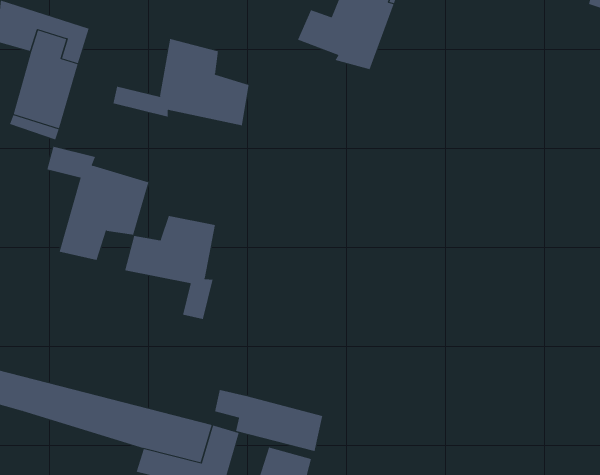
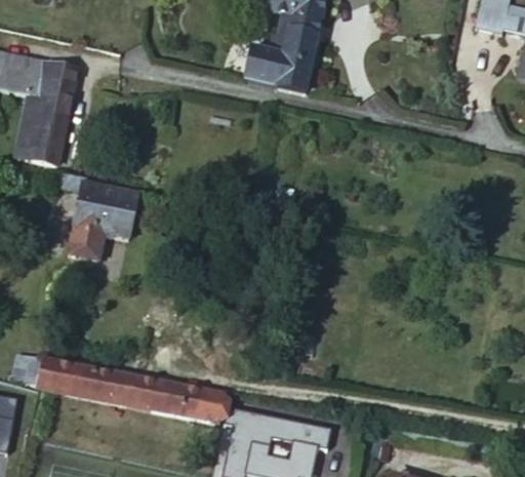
building: [113,38,249,126] -> none
building: [125,215,216,320] -> none
building: [214,389,323,452] -> none

